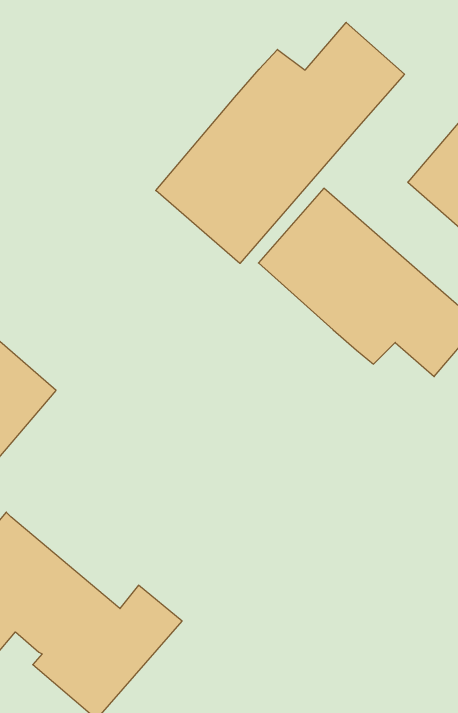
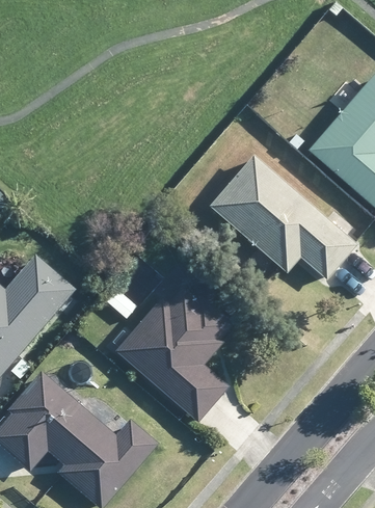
building: [156,22,404,263] -> none
building: none -> [116,288,231,422]

